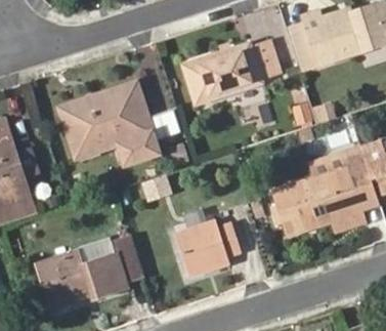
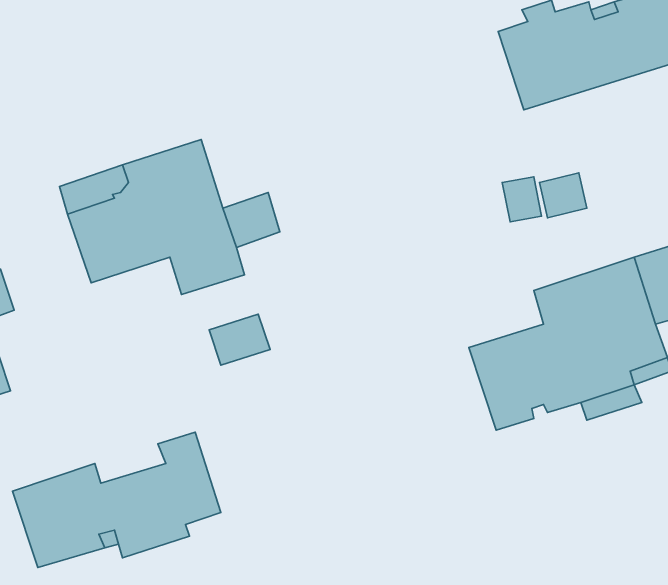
building: [184,39,282,104] -> none
building: [175,221,240,277] -> none

